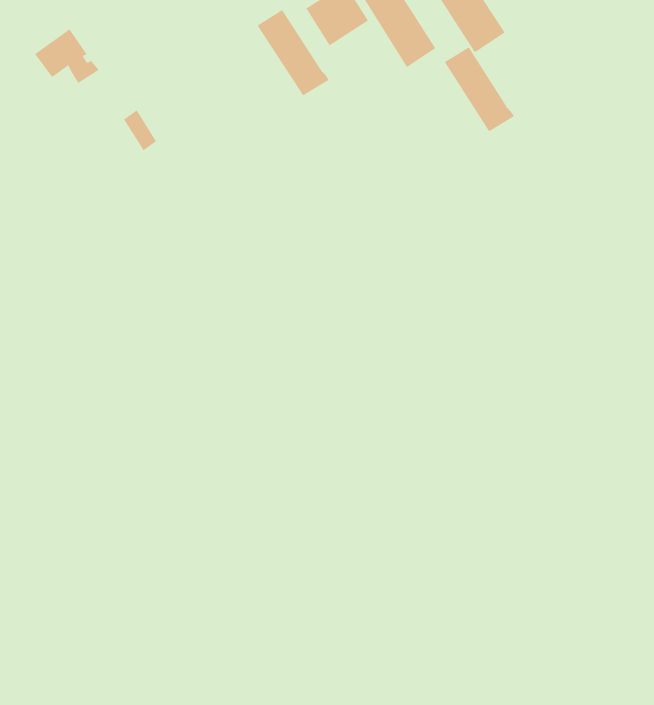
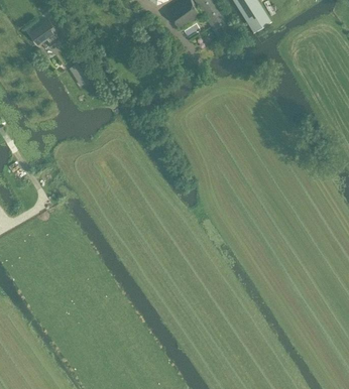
building: [257,9,329,96] -> none
building: [444,46,515,132] -> none

